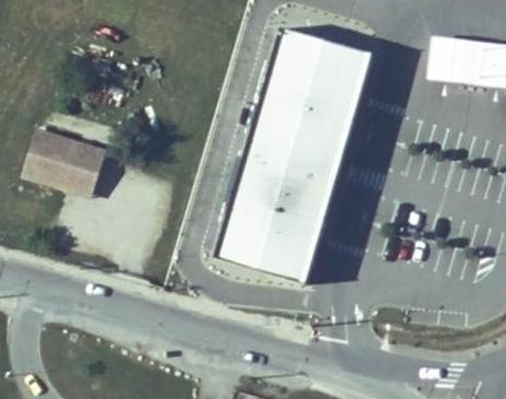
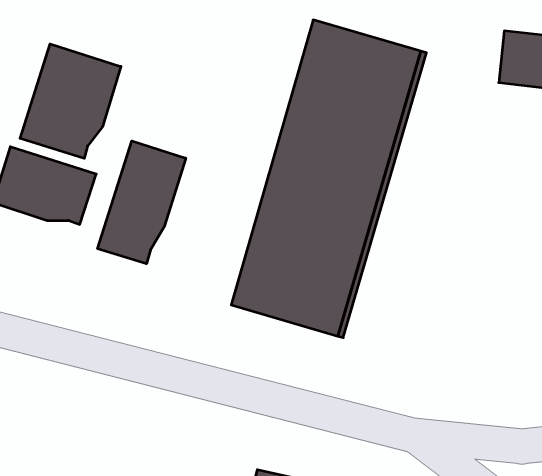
building: none -> [20,44,121,158]
building: none -> [98,141,186,264]

